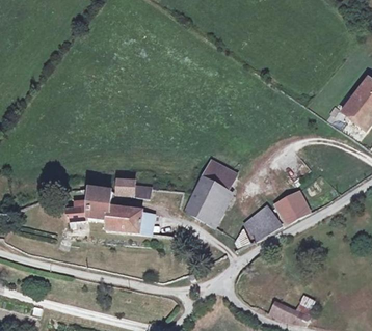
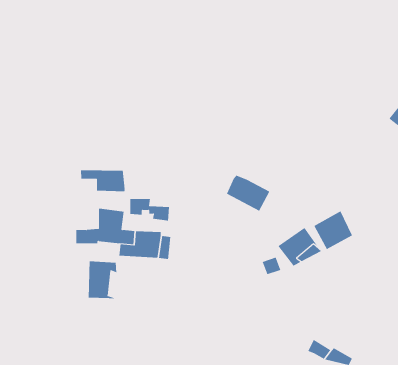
building: none -> [81,169,125,192]
building: [185,177,229,226] -> none
building: none -> [88,260,119,299]

